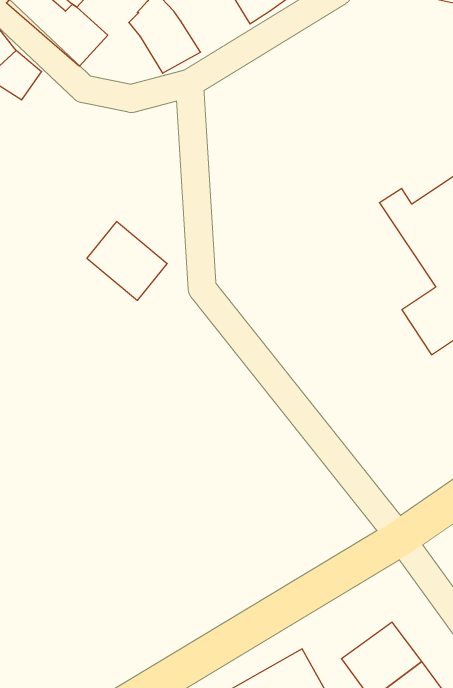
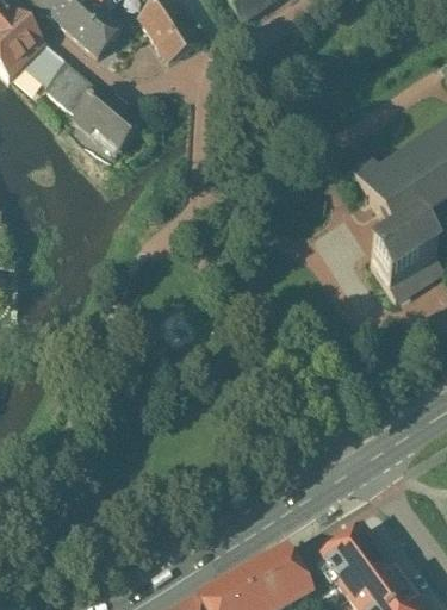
building: none -> [45,61,83,102]
building: [87,222,167,300] -> [73,86,141,152]

